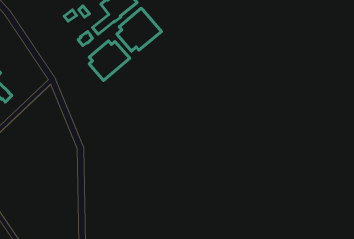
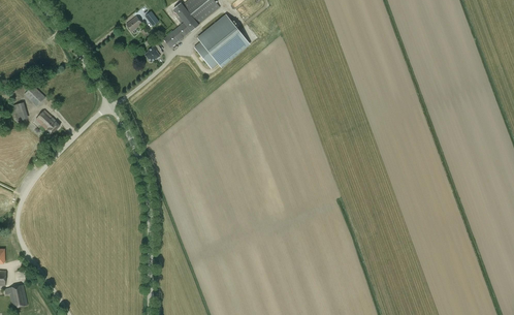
building: [89,41,130,81] -> none

